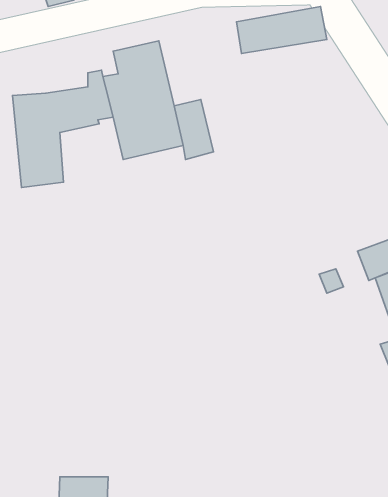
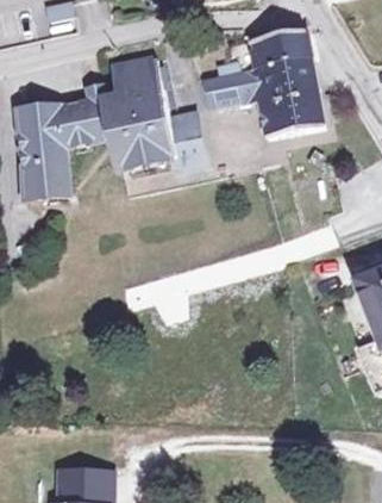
building: none -> [205,60,321,137]

